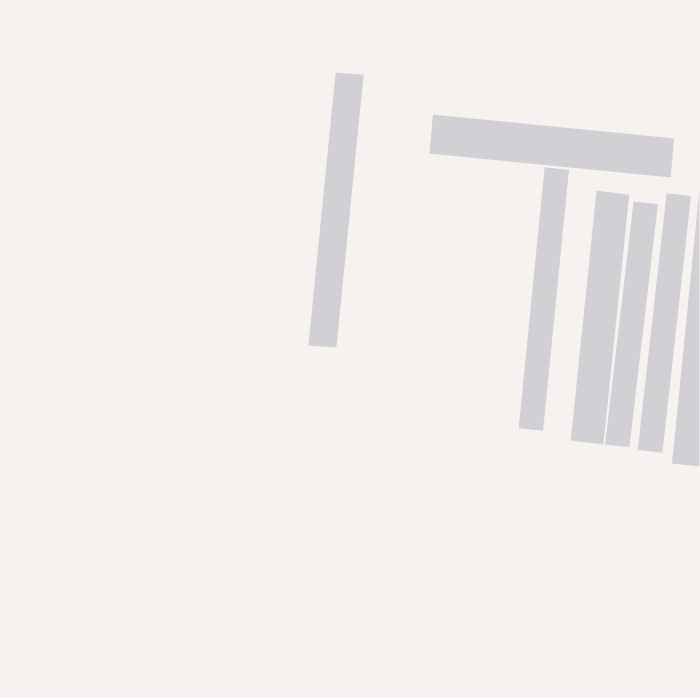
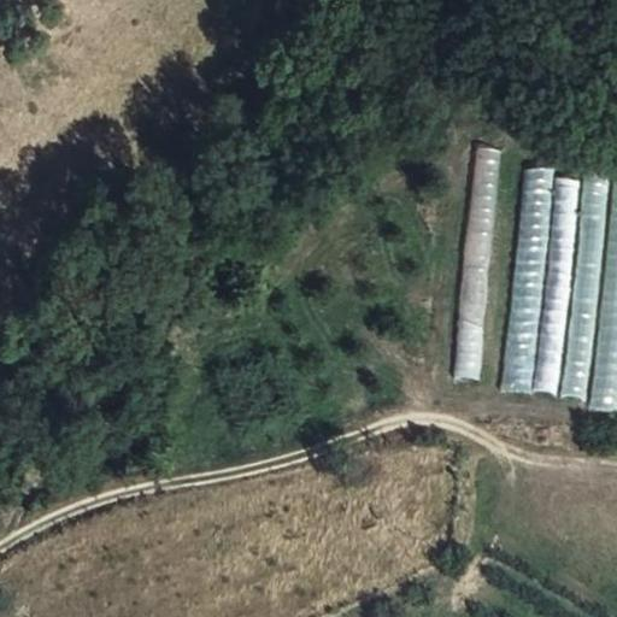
building: [308,72,364,348] -> none
building: [429,114,675,178] -> none

